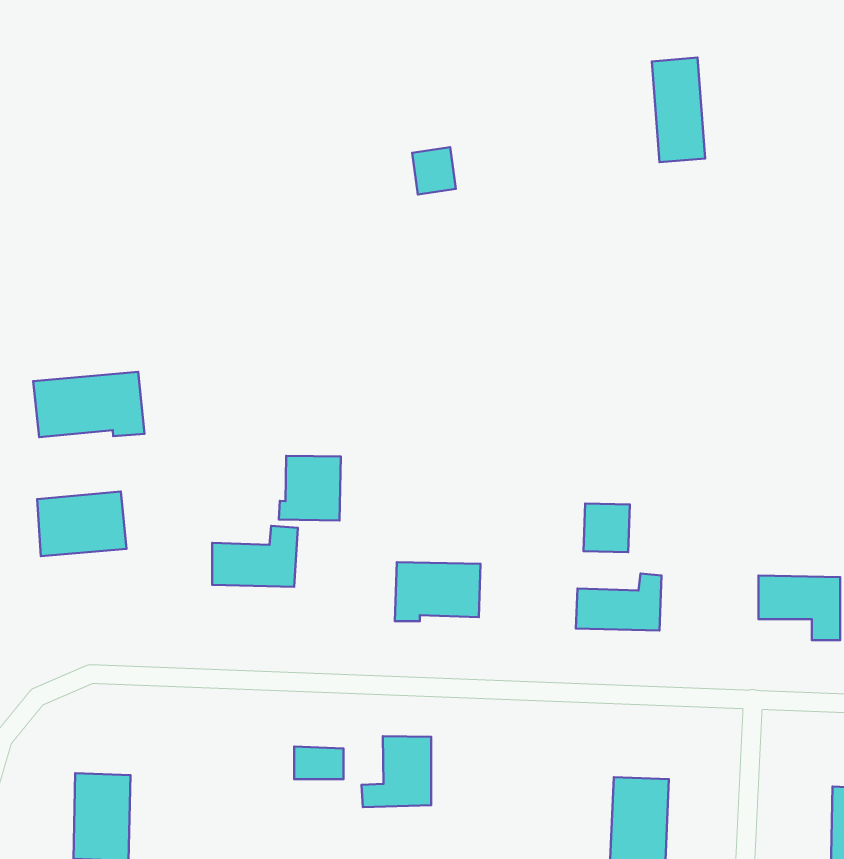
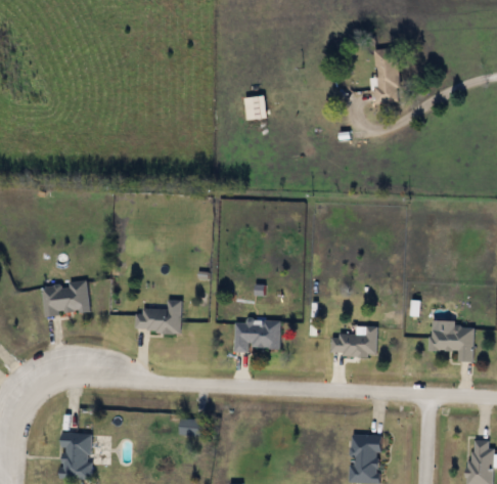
building: [33,372,144,437] -> none
building: [279,456,341,521] -> none
building: [583,503,630,552] -> none
building: [361,736,431,807] -> none

